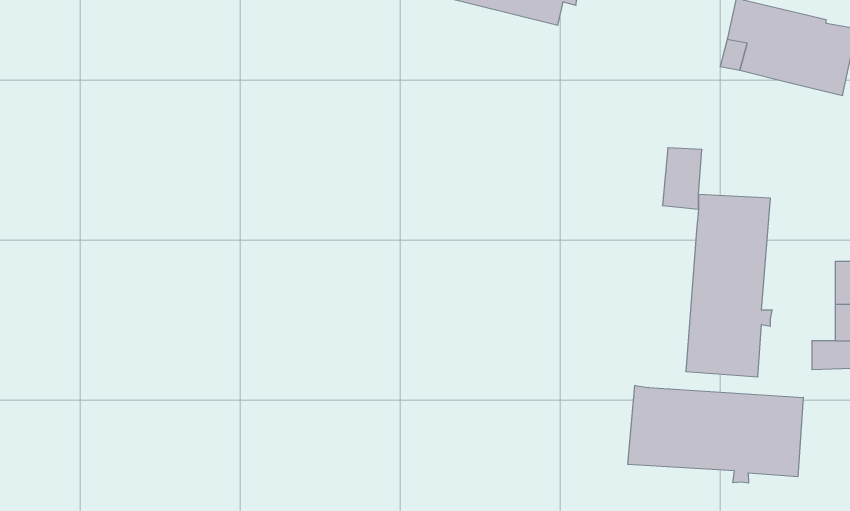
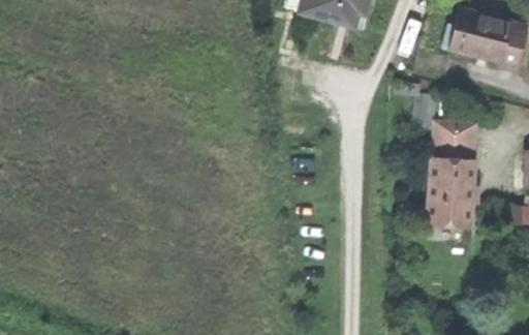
building: [628,385,803,483] -> none

